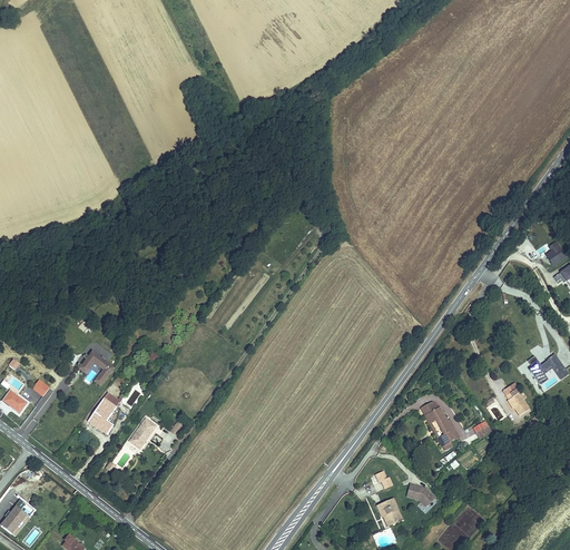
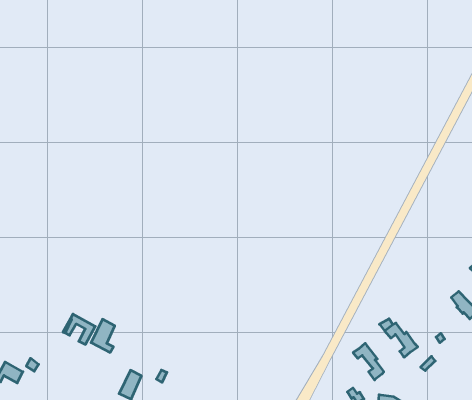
building: [89,396,117,433] -> [91,319,115,352]
building: none -> [353,343,384,380]

